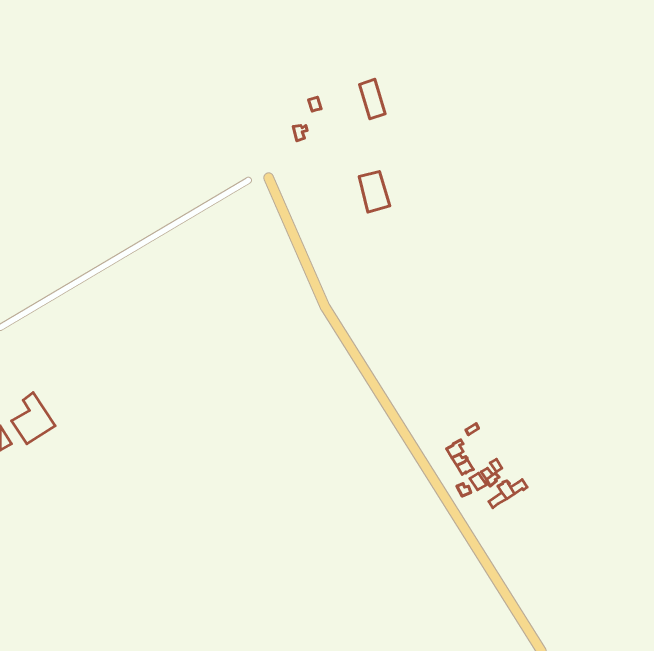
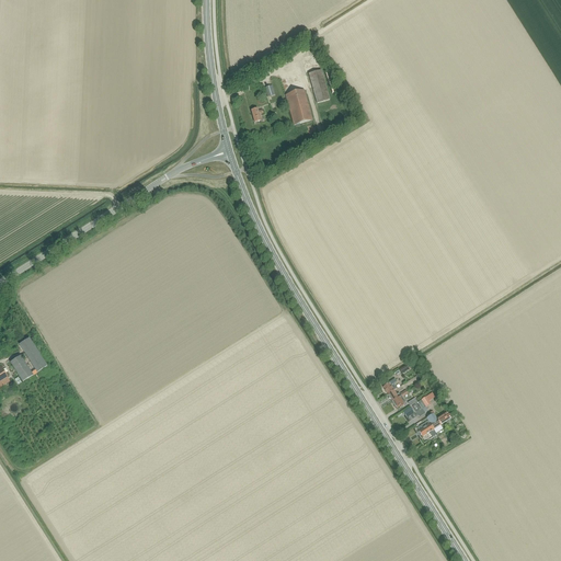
building: [359,171,390,212] -> [286,89,312,124]

